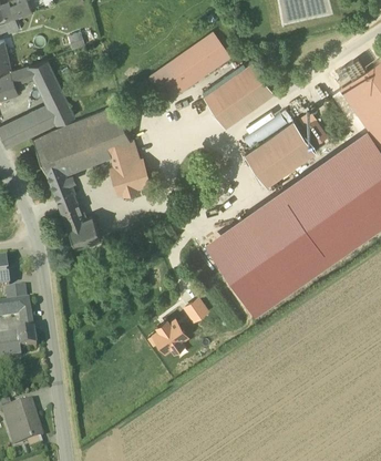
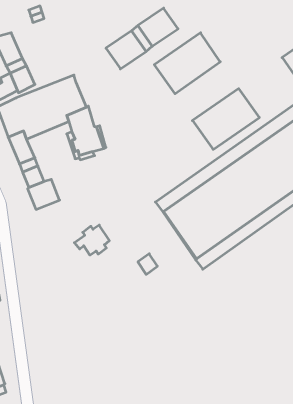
building: [148,319,186,351] -> [74,225,109,255]

